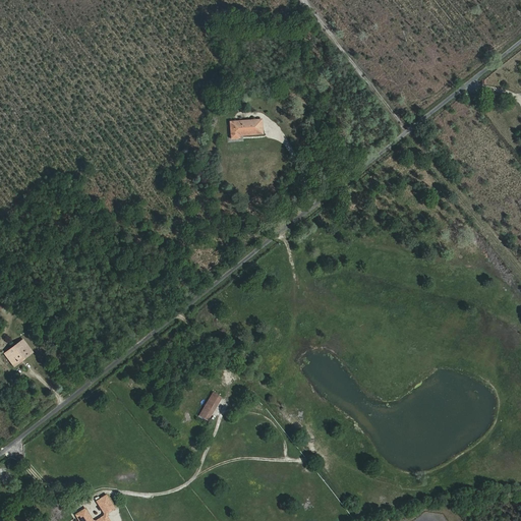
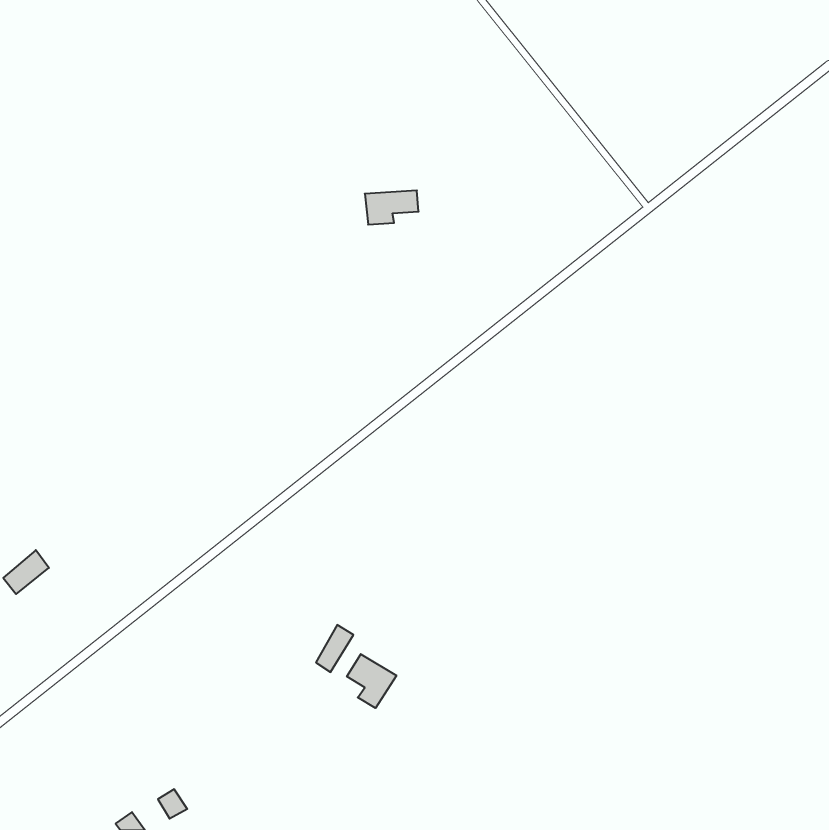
building: none -> [347,654,396,708]

